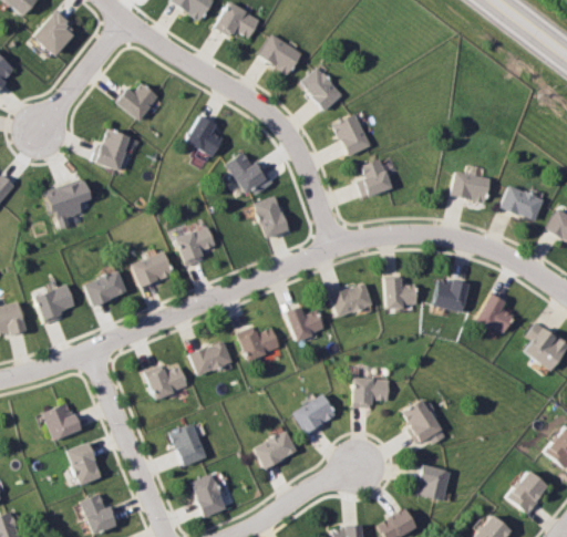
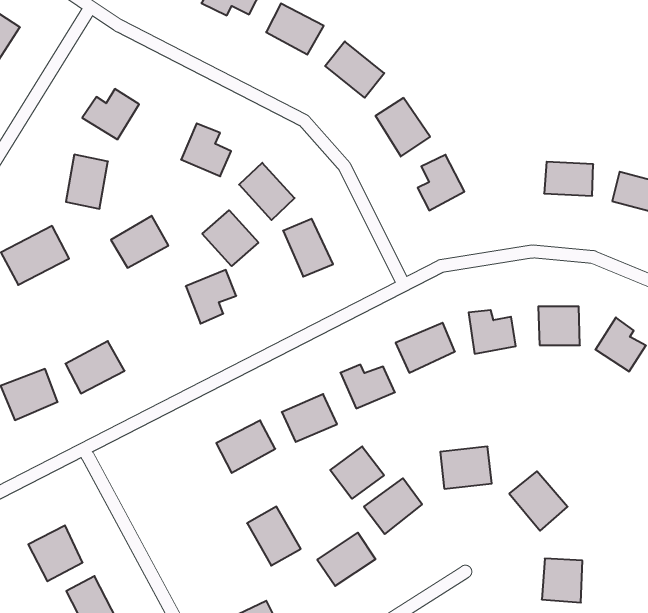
building: none -> [202,210,258,266]
building: [131,249,173,286] -> [111,216,168,268]
building: [144,365,187,401] -> none
building: none -> [330,446,384,499]
building: [168,424,206,467] -> [247,507,301,566]

